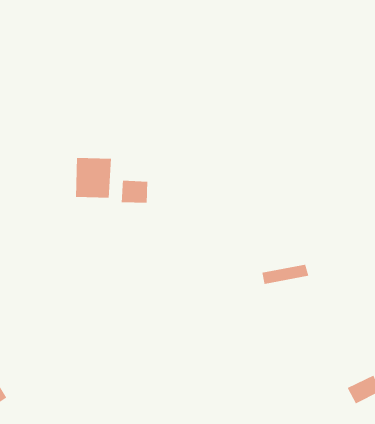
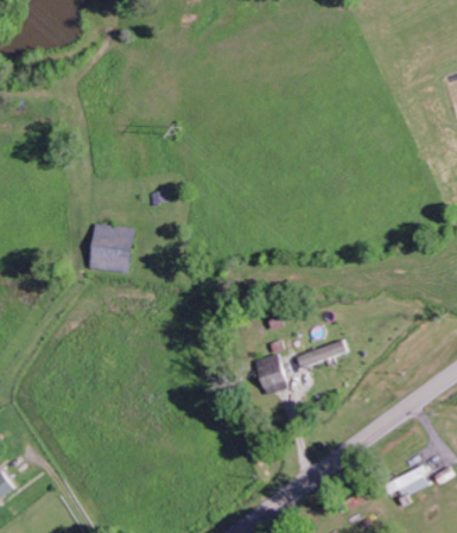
building: [121,180,148,204] -> none
building: none -> [254,353,288,394]

